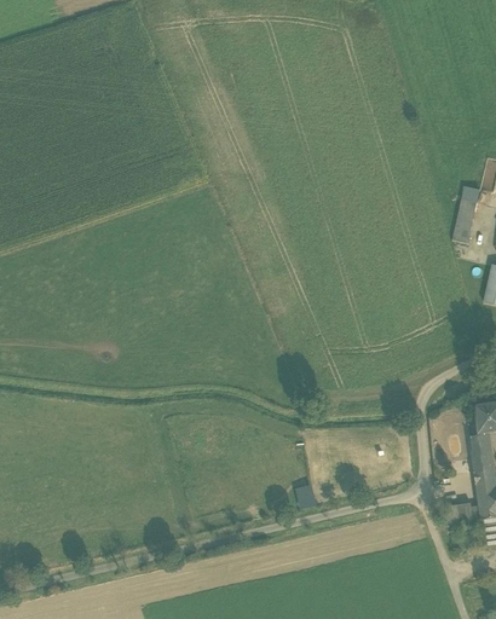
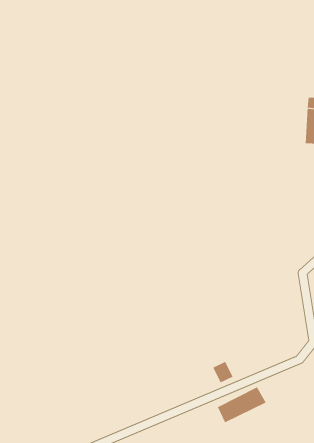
building: none -> [217,387,266,423]

